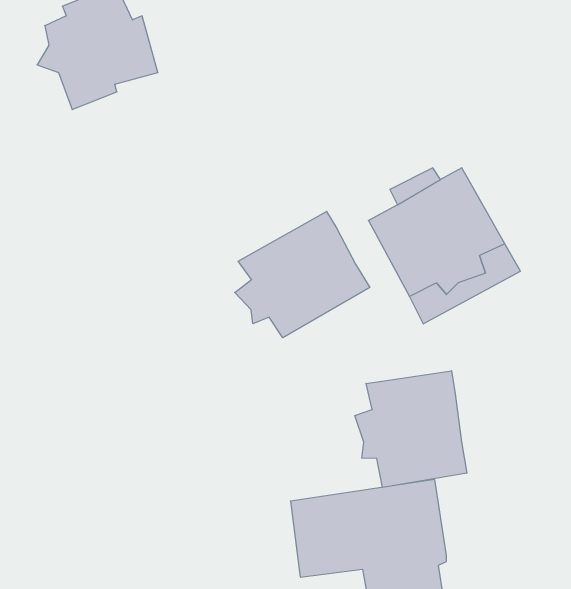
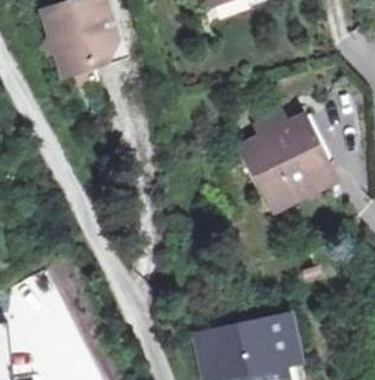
building: [235,211,370,338] -> none
building: [355,371,467,487] -> none

